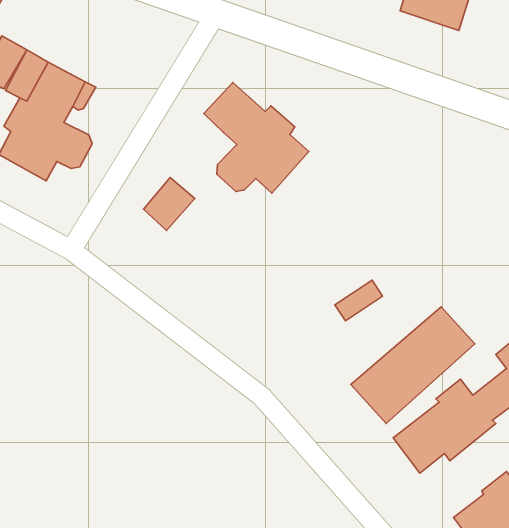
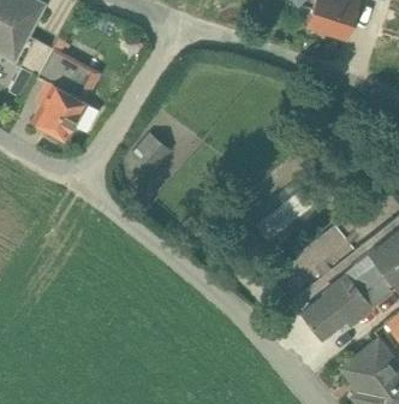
building: [204,82,309,193] -> none

